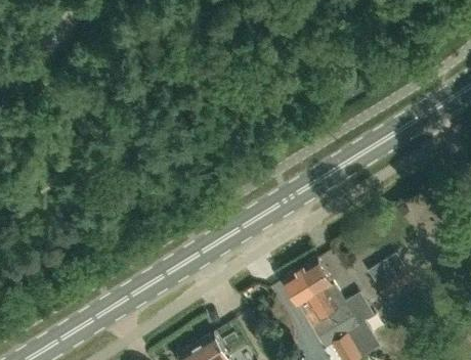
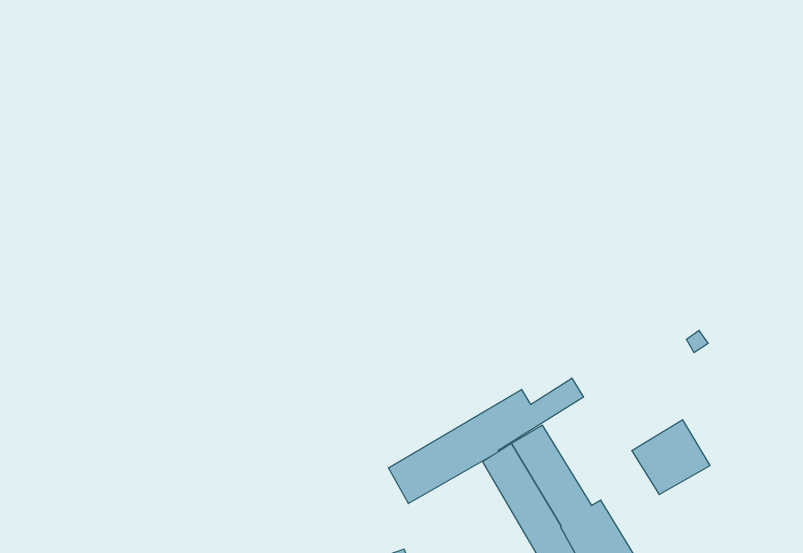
building: none -> [388,378,584,504]

